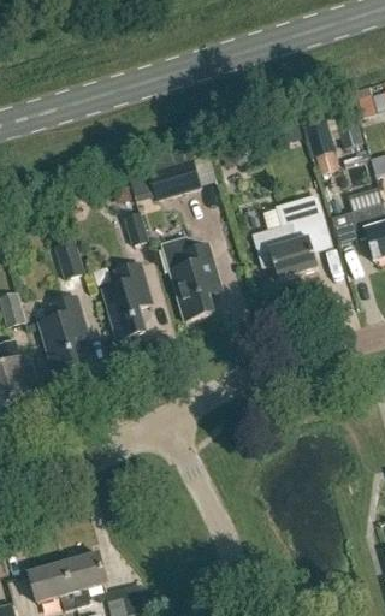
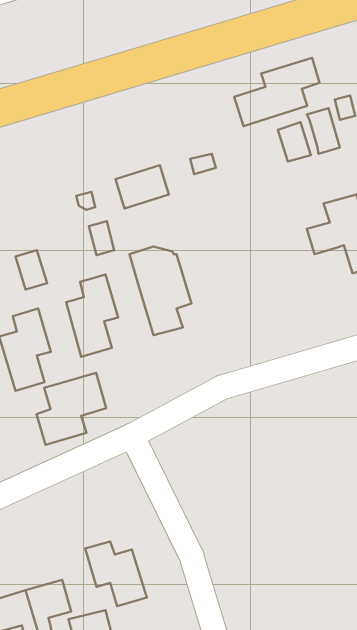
building: none -> [234,58,319,126]
building: [254,195,328,279] -> none
building: none -> [37,373,106,445]
building: none -> [85,541,147,606]

